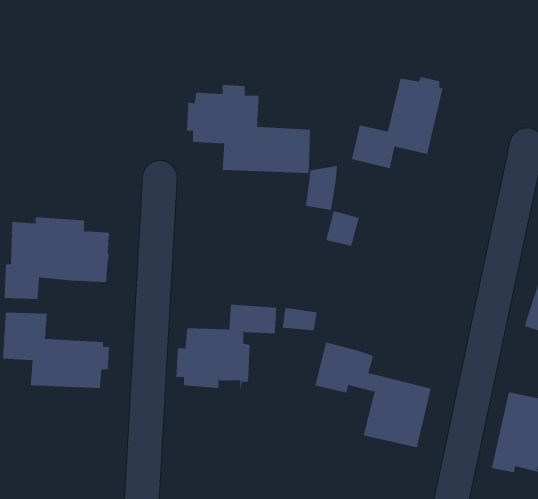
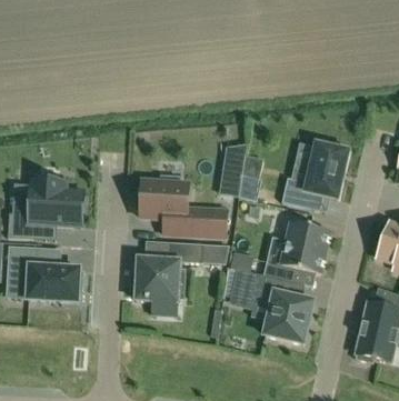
building: [351,77,443,169] -> [281,142,347,208]
building: [186,84,311,173] -> [136,176,225,239]
building: none -> [262,222,329,282]

